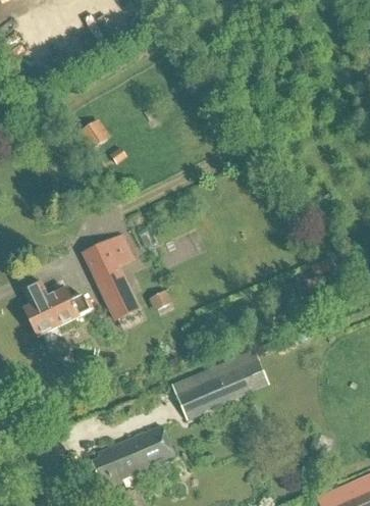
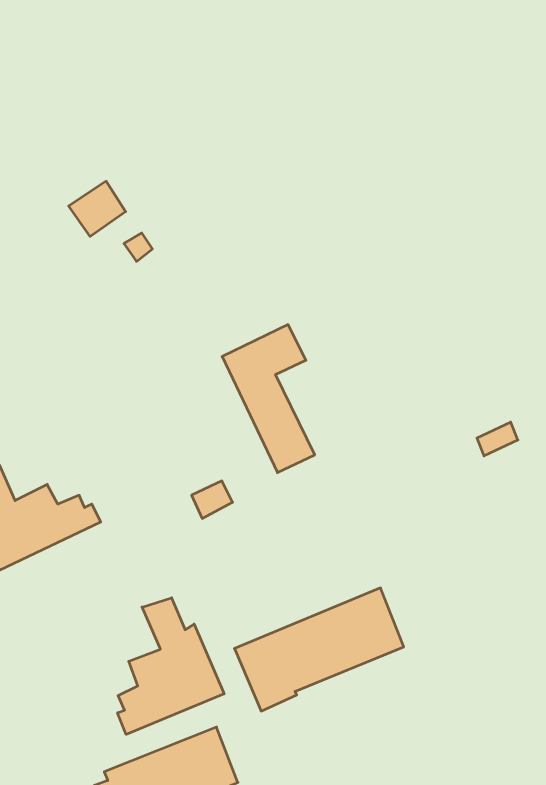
building: [85,235,138,319] -> [222,325,315,473]
building: none -> [118,598,224,734]

